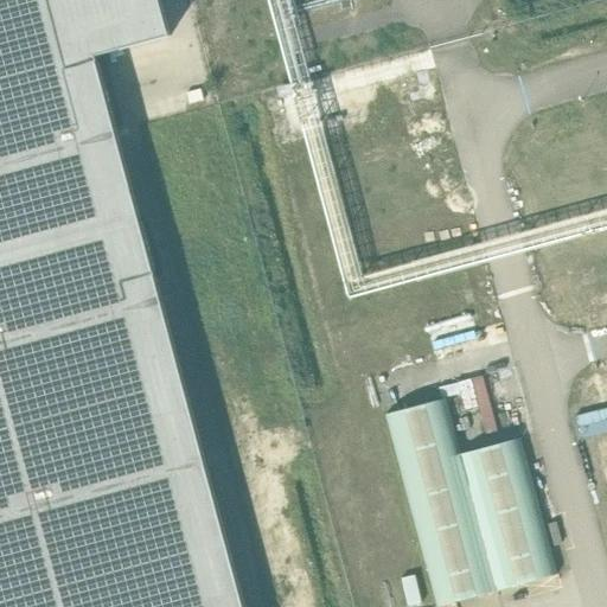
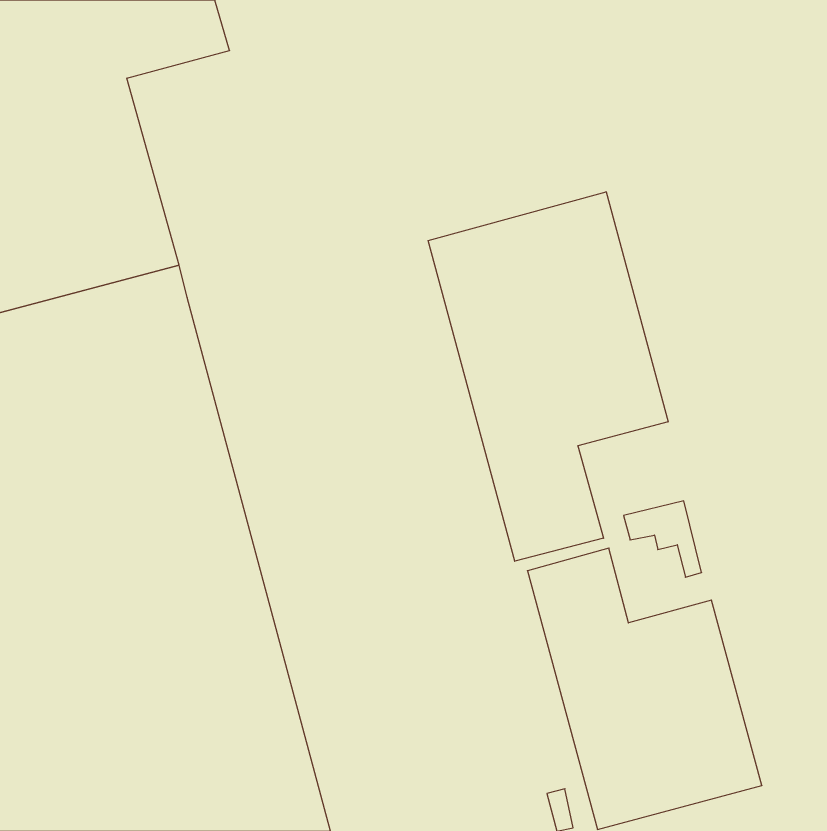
building: none -> [428,192,668,561]

